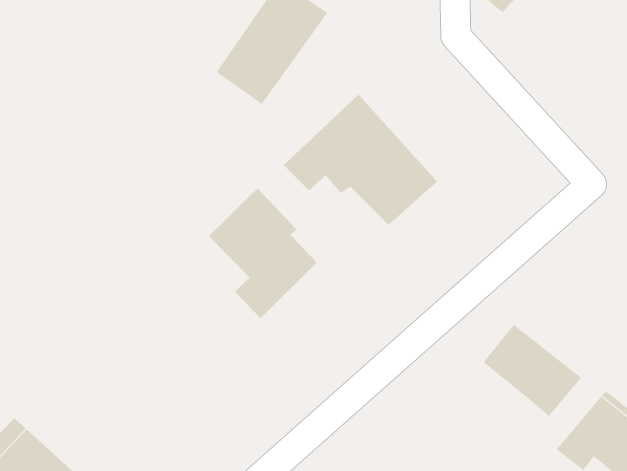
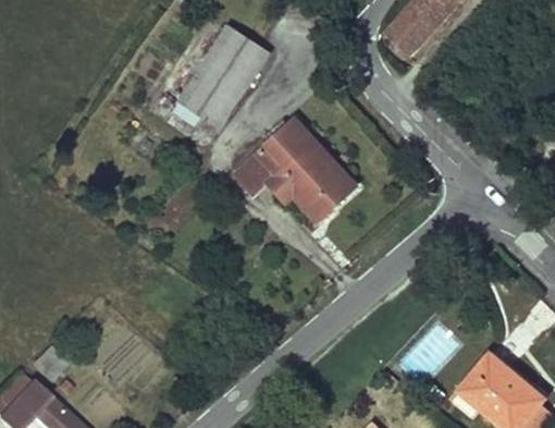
building: [208,188,318,319] -> none
building: [483,324,582,417] -> none

